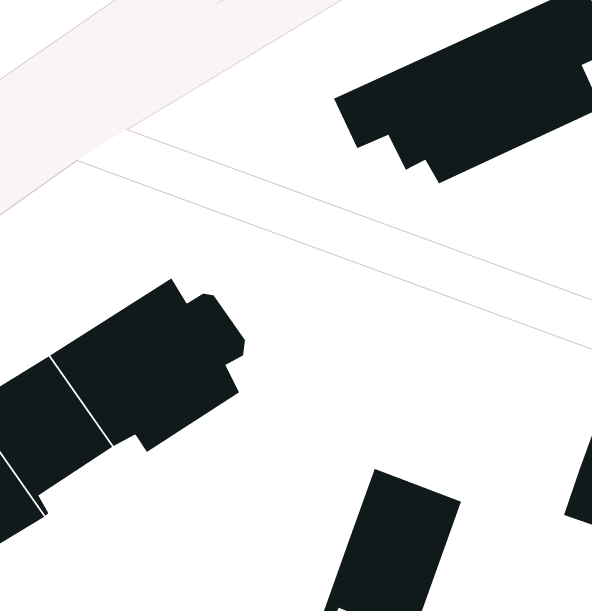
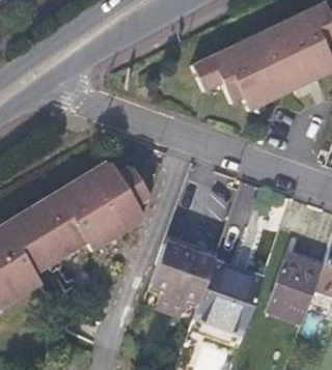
building: none -> [150,243,215,312]
building: none -> [265,254,324,325]

